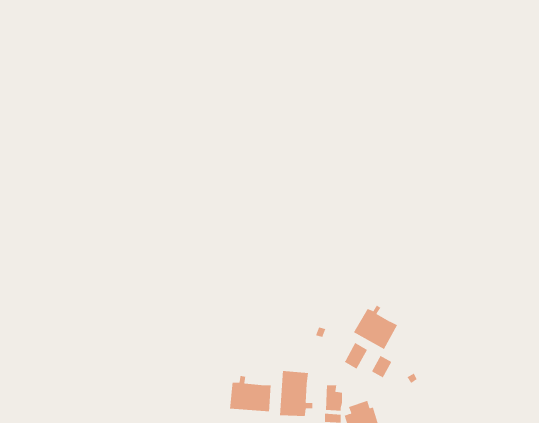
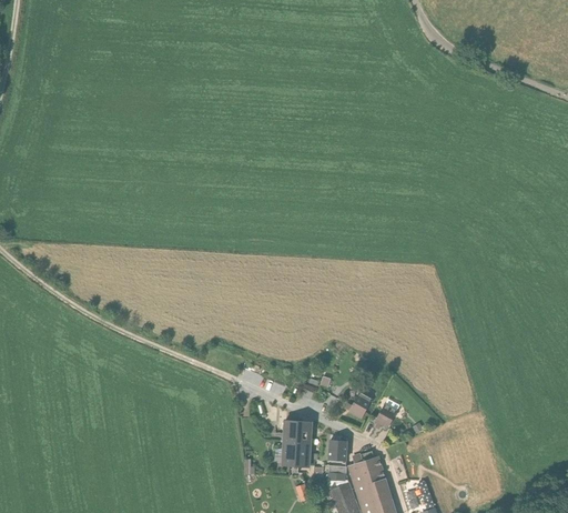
building: [353,305,398,350] -> none
building: [229,375,271,412] -> none

